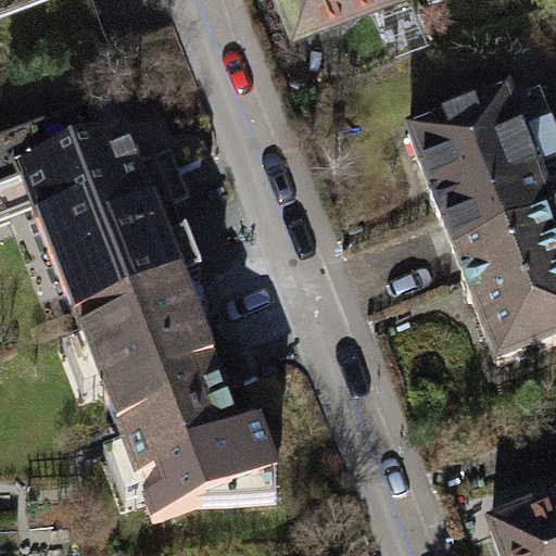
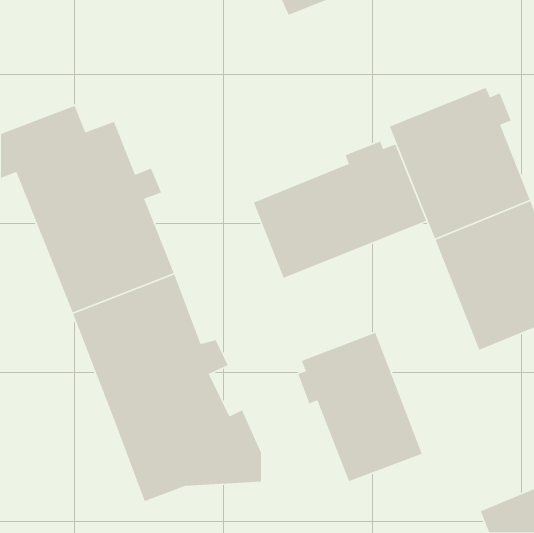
building: none -> [253,140,427,279]
building: none -> [297,332,423,482]

